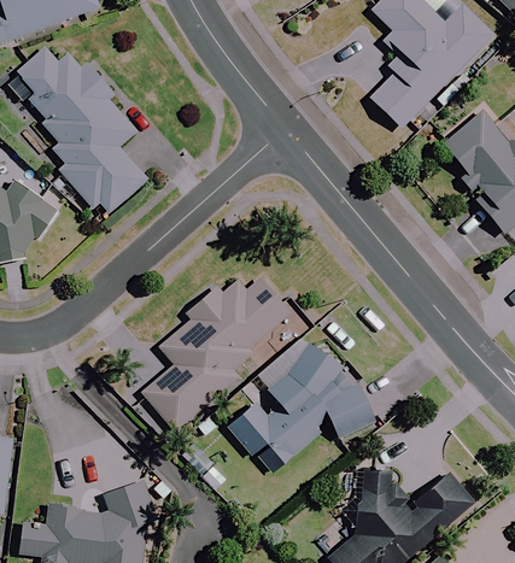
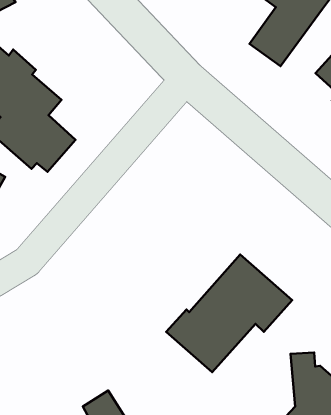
building: [141,276,291,430] -> none

